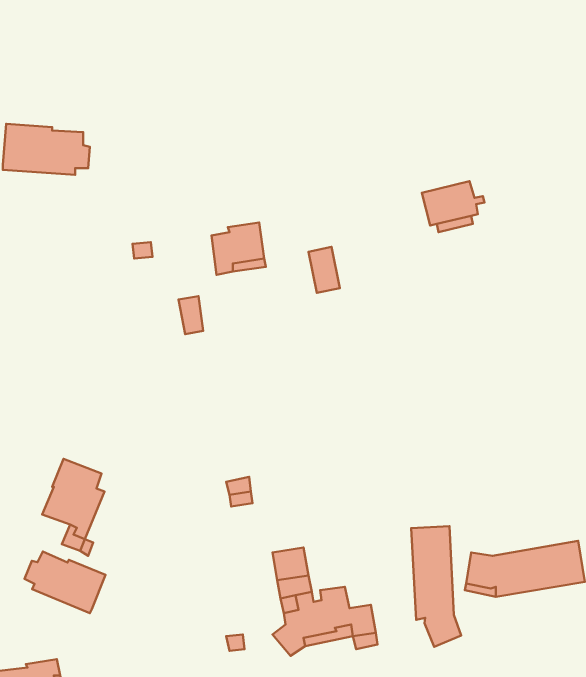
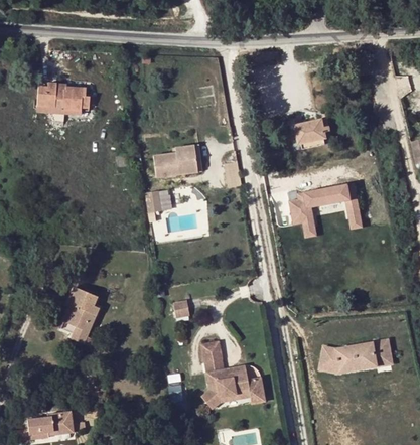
building: none -> [289,181,365,236]
building: [411,526,461,647] -> none
building: [24,552,106,613] -> none

